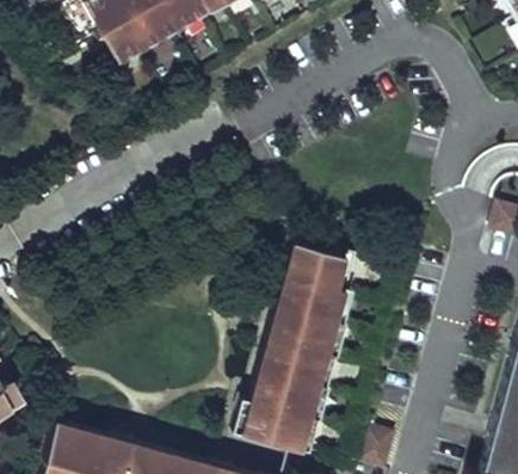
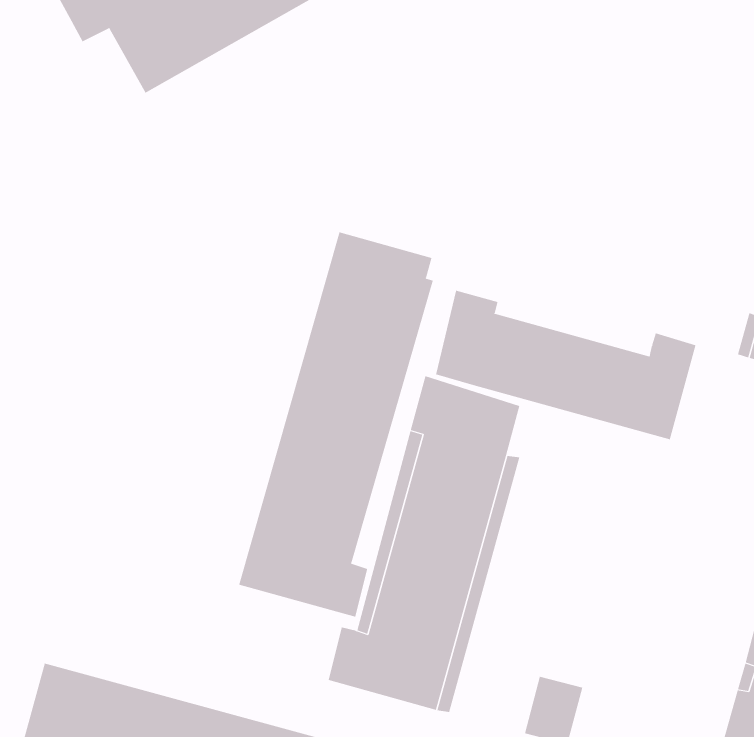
building: none -> [238,231,434,617]
building: none -> [435,290,696,440]

